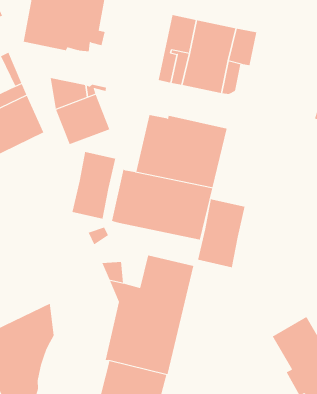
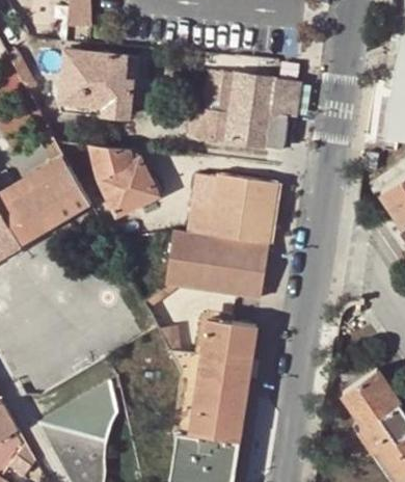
building: [72,151,116,219] -> none
building: [197,199,245,268] -> none

